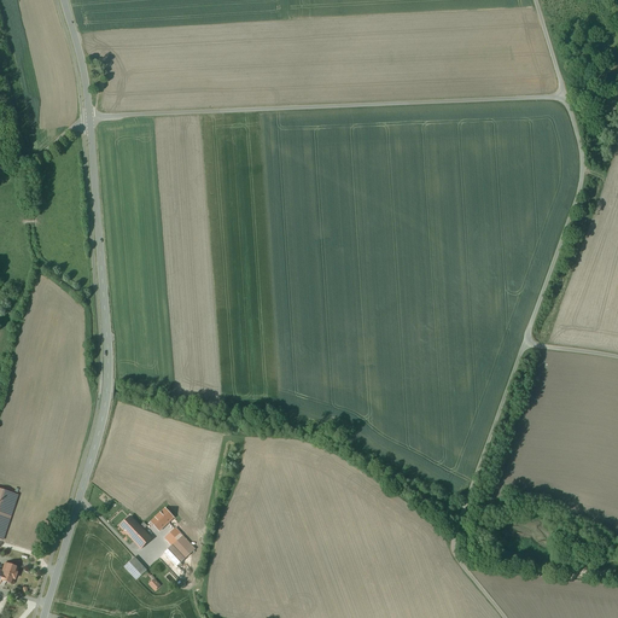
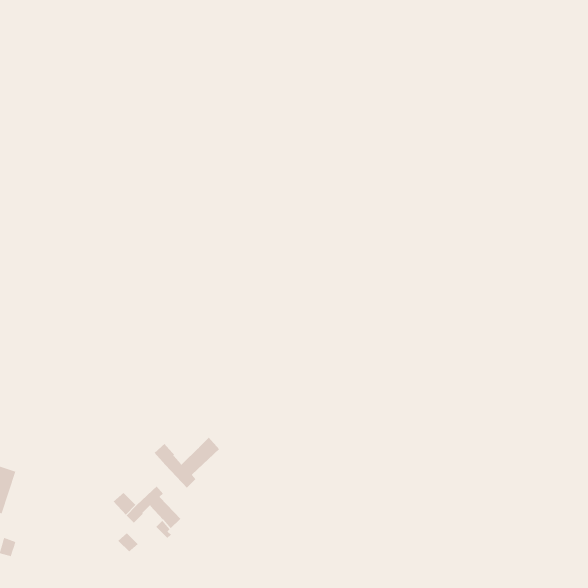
building: none -> [154,437,220,489]

